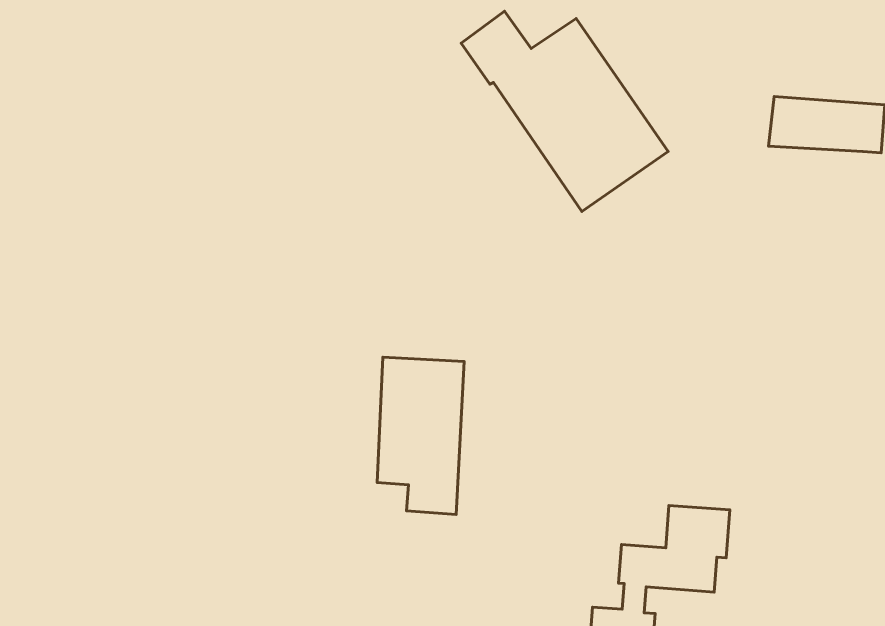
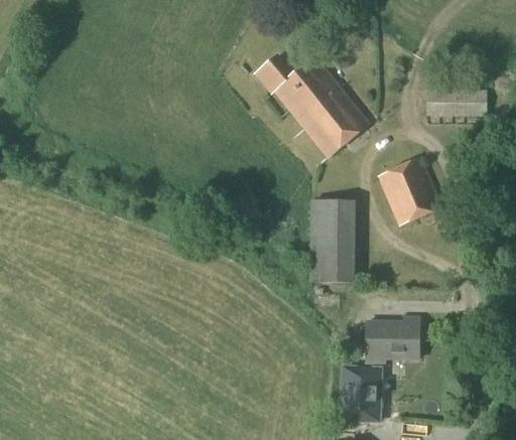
building: none -> [375,156,441,227]
building: [377,357,464,515] -> [317,197,364,281]

